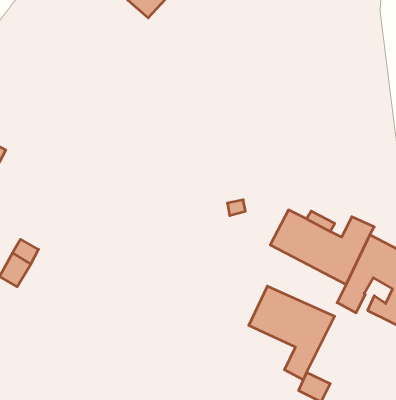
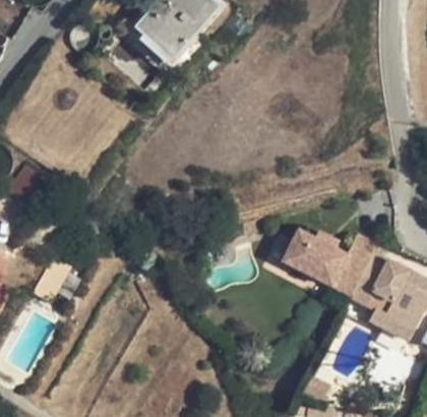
building: [249,286,335,380] -> none

